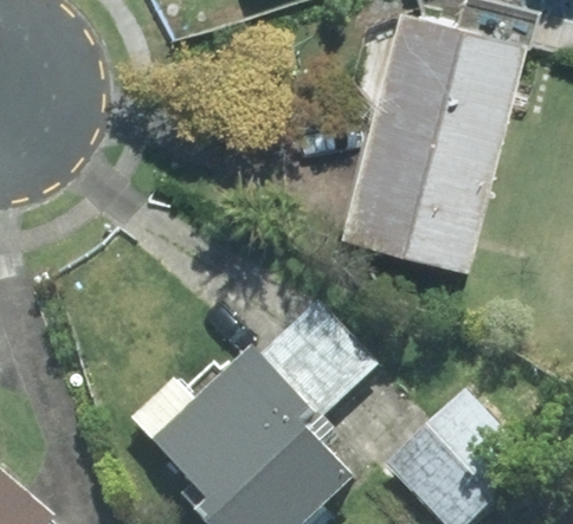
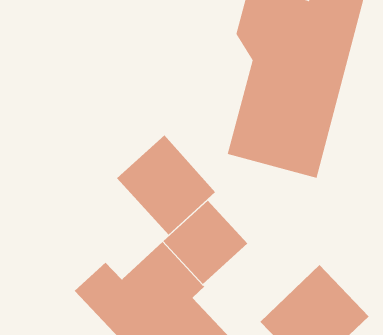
building: none -> [116,135,216,236]

